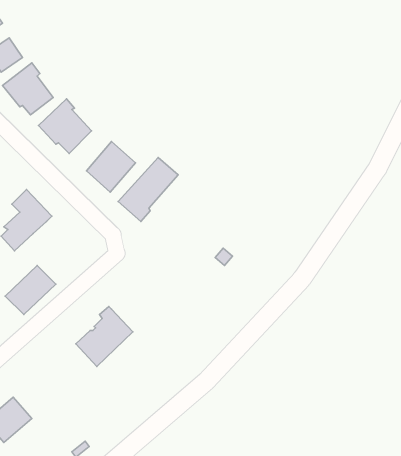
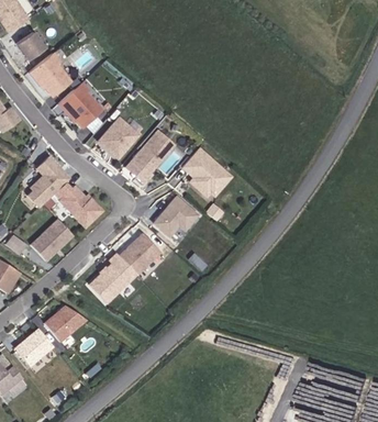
building: none -> [180,149,229,197]
building: none -> [54,184,102,229]
building: none -> [154,197,198,236]
building: none -> [119,233,160,275]
building: none -> [44,306,86,342]

